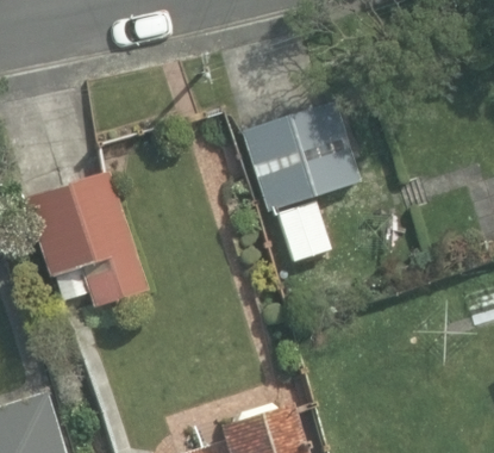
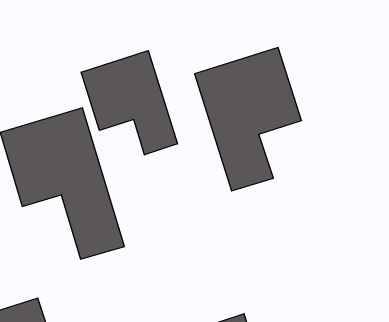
building: none -> [81,51,178,155]

